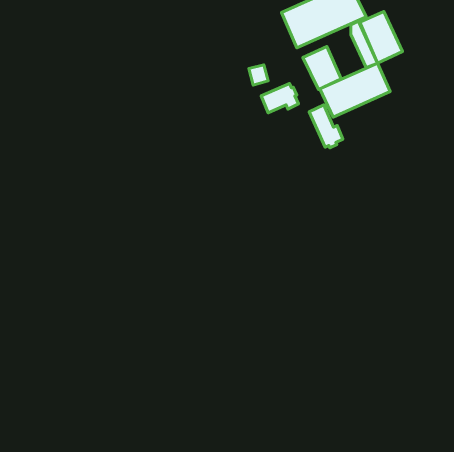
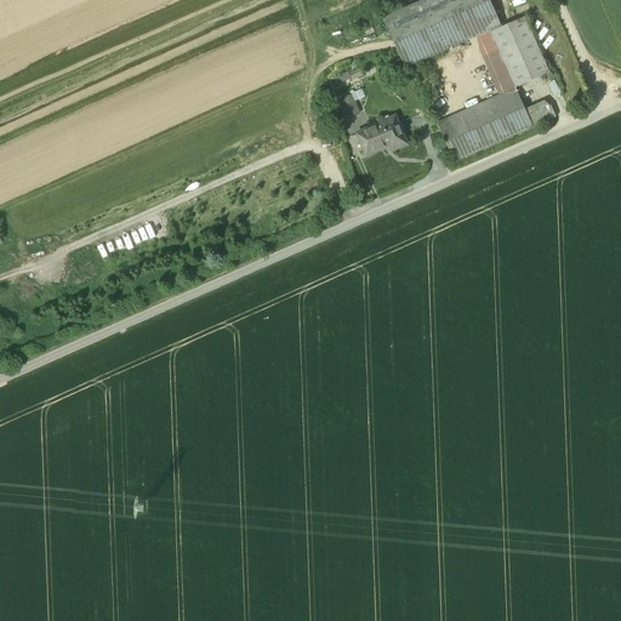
building: [303,47,341,89] -> none
building: [309,105,343,148] -> none

